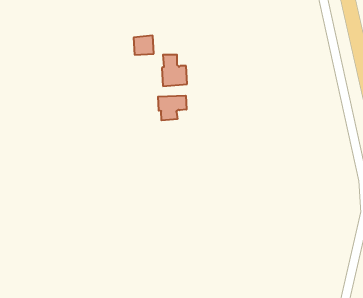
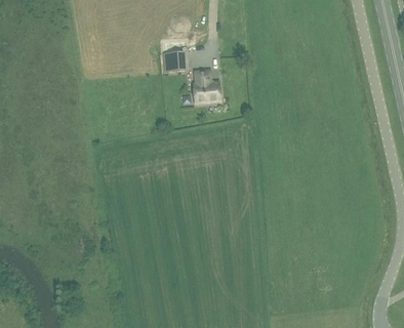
building: [158,96,186,120] -> none

